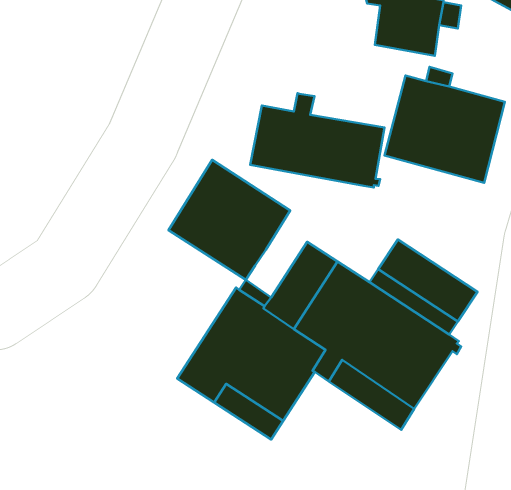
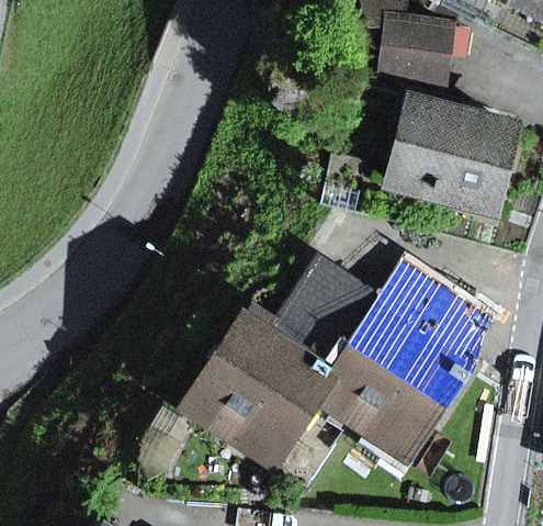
building: [250,93,385,187] -> none
building: [169,160,290,280] -> none

